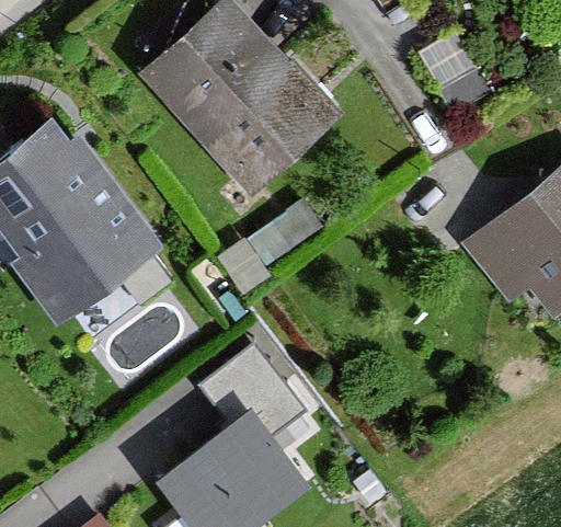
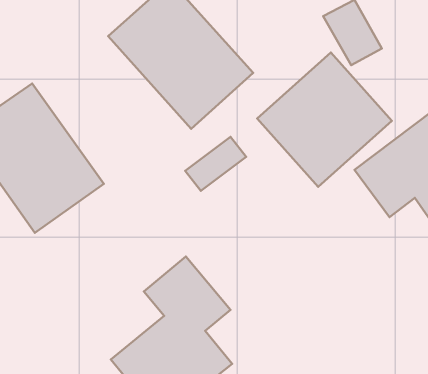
building: none -> [257,53,392,187]

